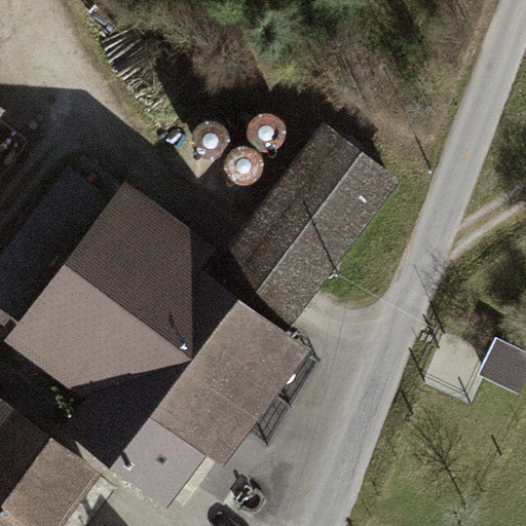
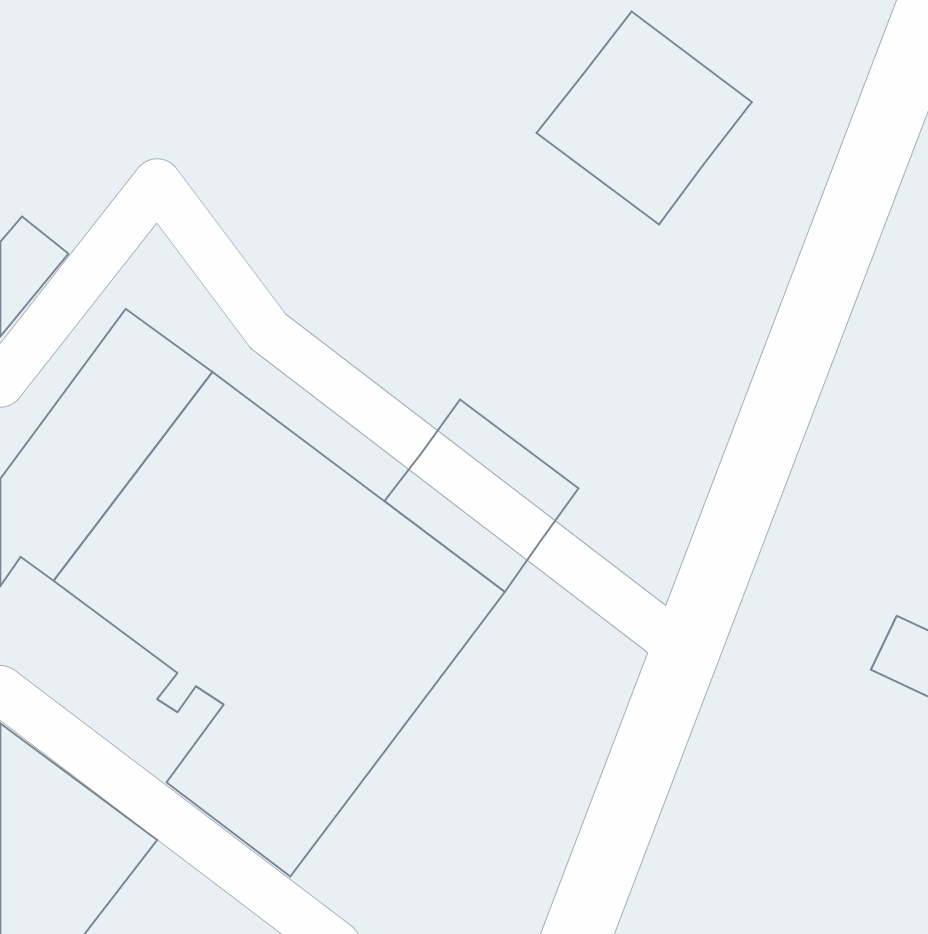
building: none -> [536,11,752,225]
building: [265,137,401,277] -> none

